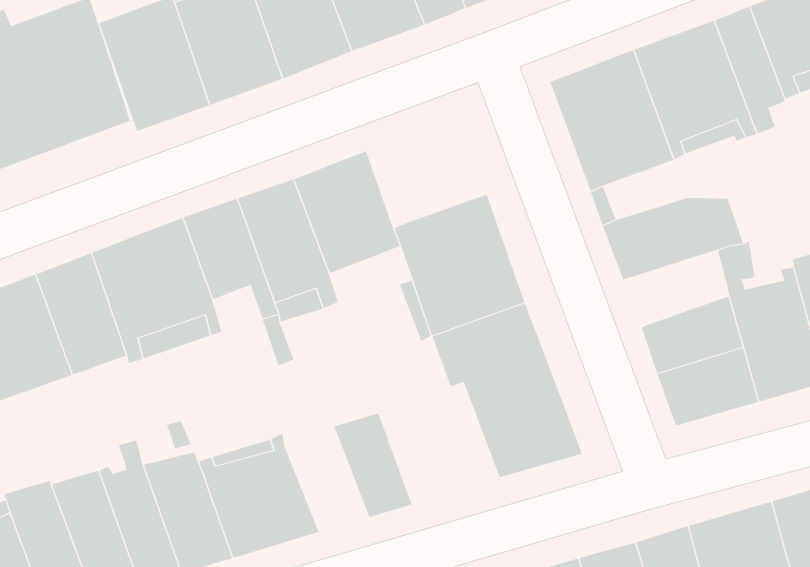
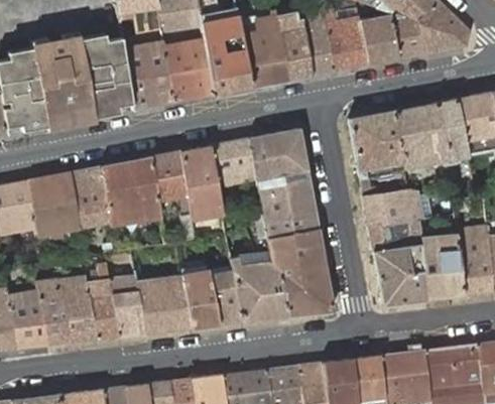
building: none -> [251,128,308,179]
building: none -> [370,219,422,251]
building: none -> [232,256,290,321]
building: none -> [184,270,221,327]

